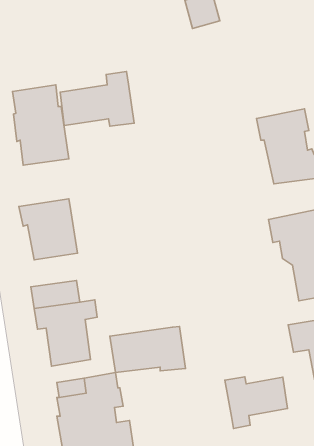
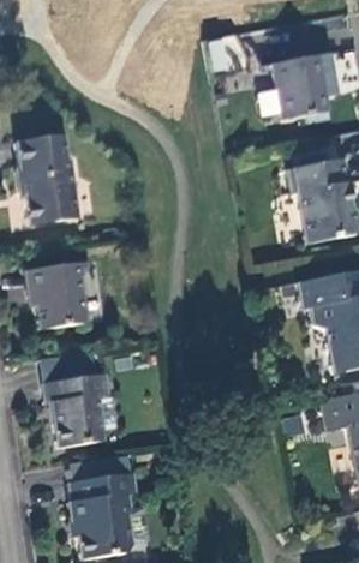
building: none -> [274,60,328,124]
building: [60,71,134,126] -> none
building: [110,327,186,373] -> none
building: [225,377,288,429] -> none

